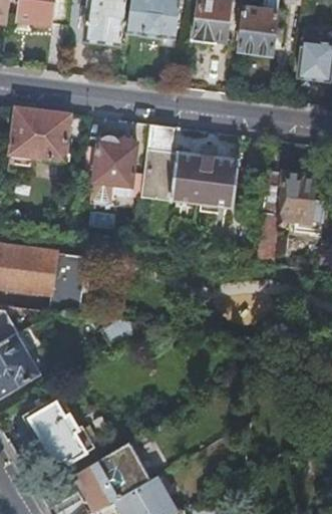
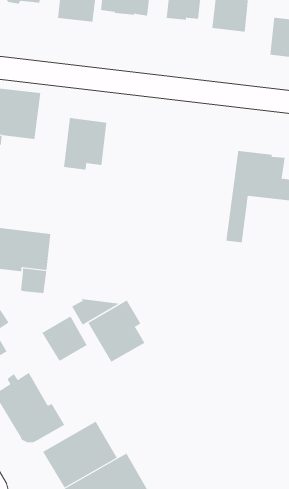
building: [140,123,238,218] -> none
building: none -> [87,300,145,362]
building: none -> [42,316,87,362]

